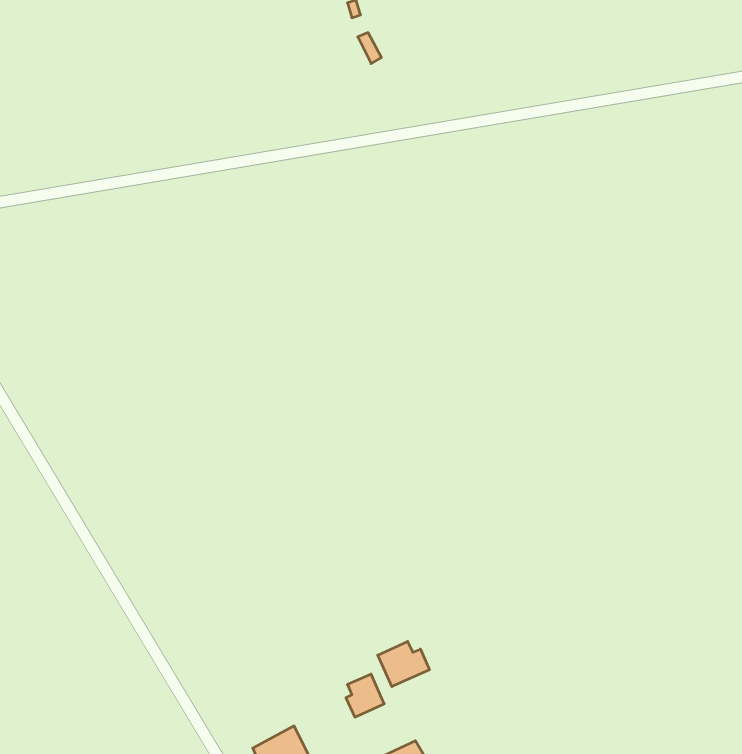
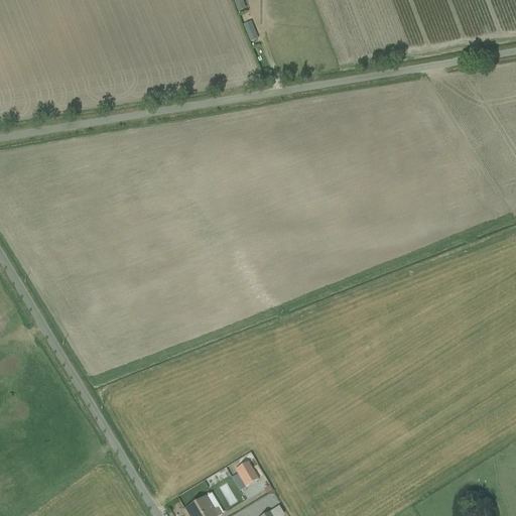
building: [378,641,429,687] -> none

